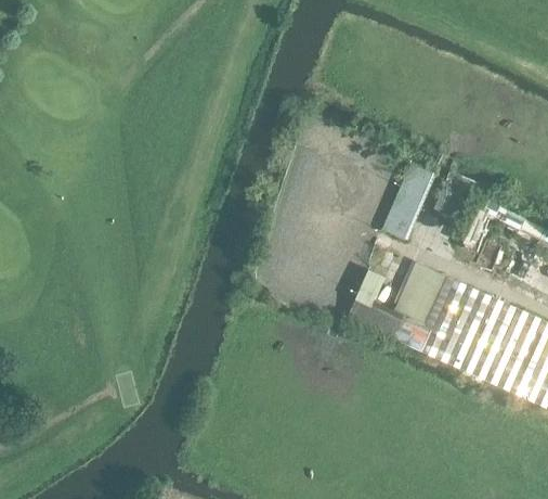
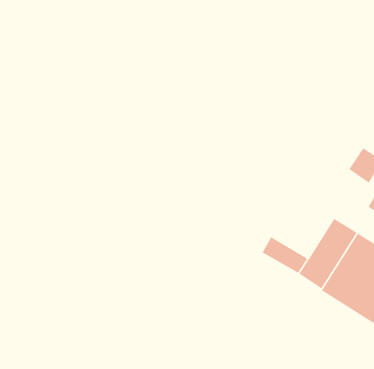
building: [383,159,433,236] -> none

